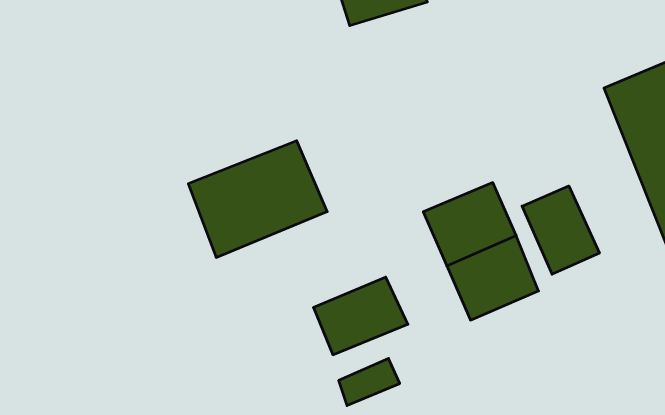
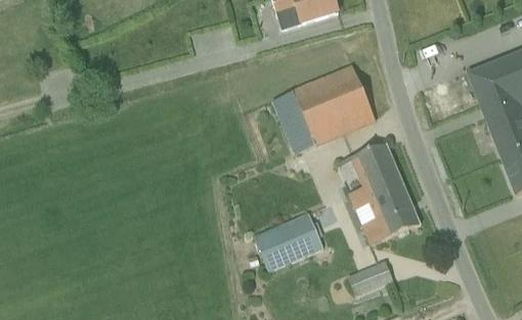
building: [188,141,327,257] -> [272,67,375,153]
building: [522,186,599,274] -> none
building: [339,358,400,406] -> [348,262,393,296]

